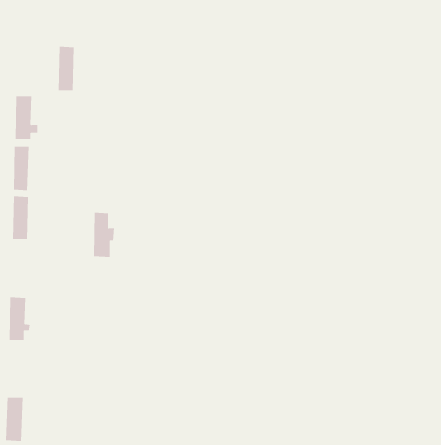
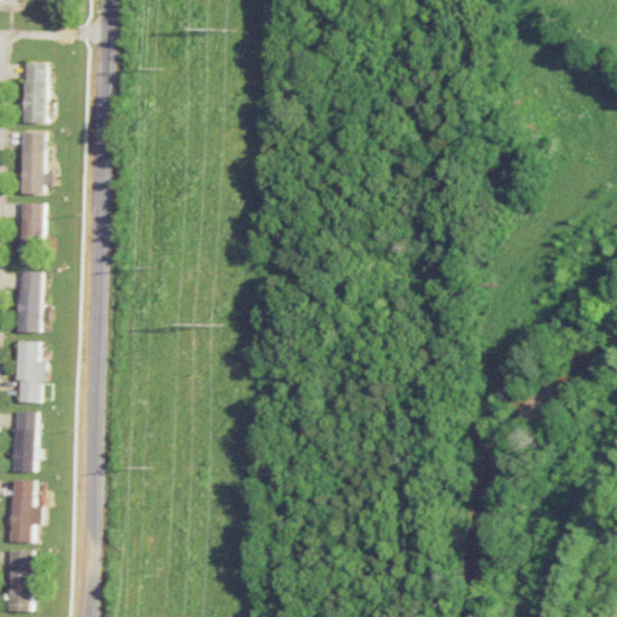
building: [58,46,74,91] -> [23,61,46,123]
building: [93,212,115,257] -> [16,340,46,402]
building: none -> [10,480,42,541]

